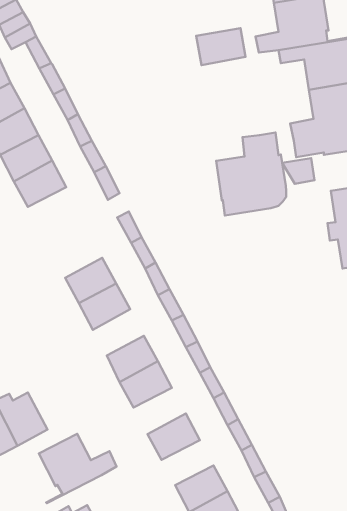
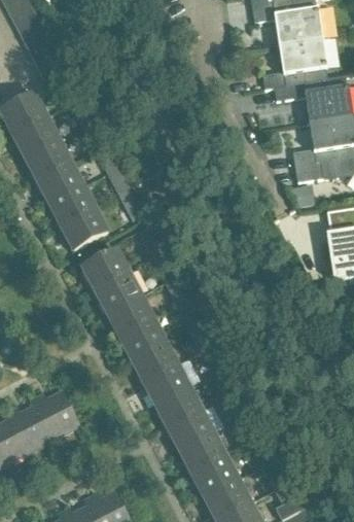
building: [196,28,245,65] -> none
building: [216,132,286,216] -> none
building: none -> [62,209,108,250]
building: none -> [82,248,128,289]
building: none -> [119,317,165,358]
building: none -> [155,387,202,428]
building: [39,434,116,503] -> none
building: none -> [180,433,226,474]

